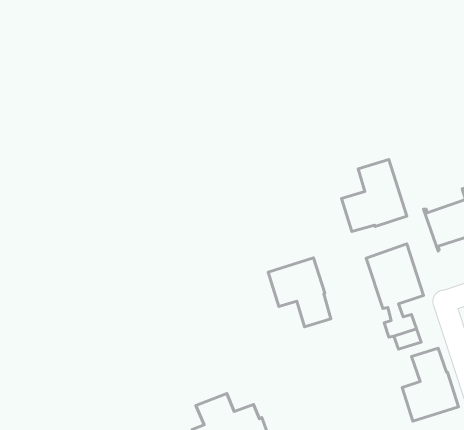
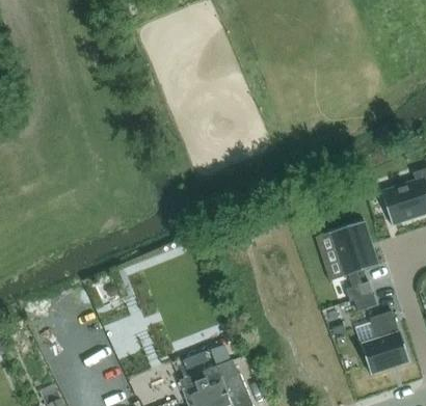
building: [342,159,407,231] -> none
building: [268,258,331,327] -> none

